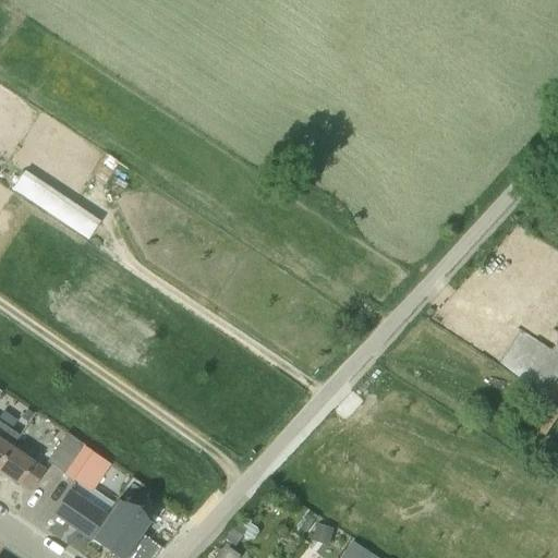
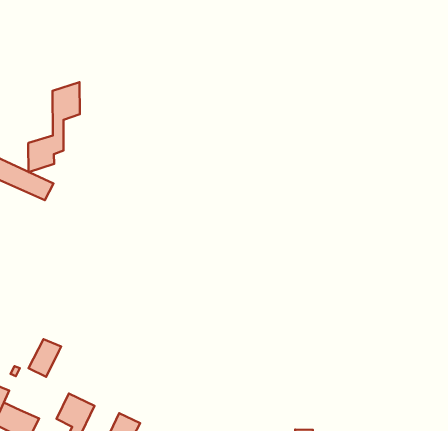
building: none -> [28,82,80,172]
building: [47,432,85,472] -> [29,339,61,377]

